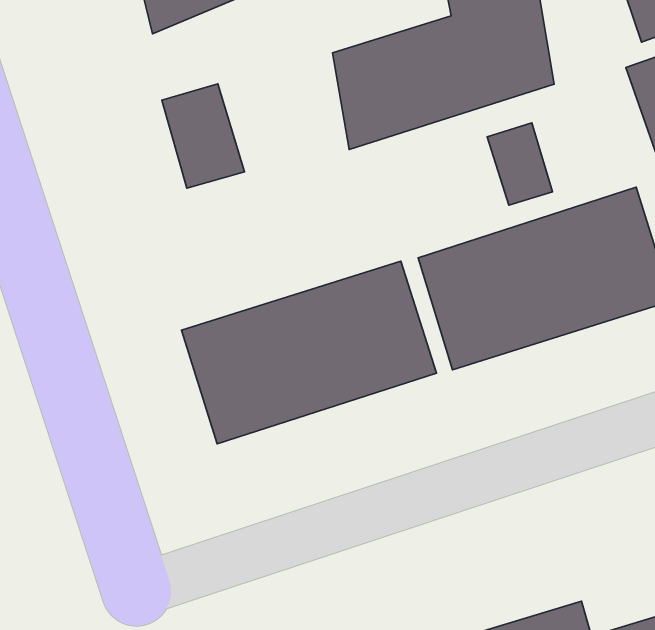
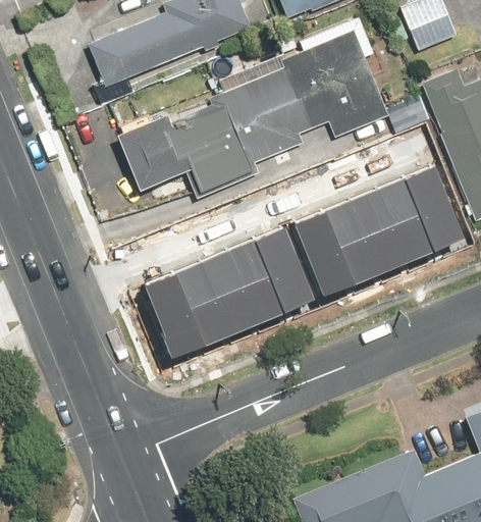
building: none -> [169,106,245,185]
building: [487,123,552,205] -> none

